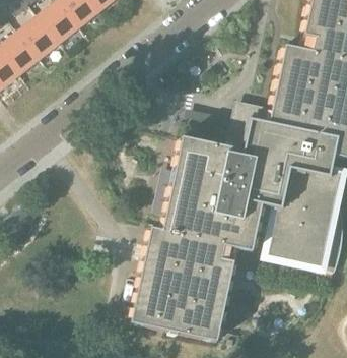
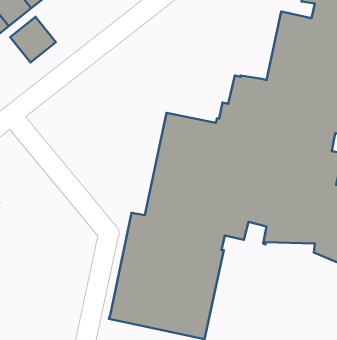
building: none -> [10,17,56,63]

